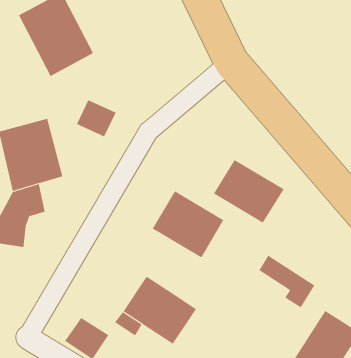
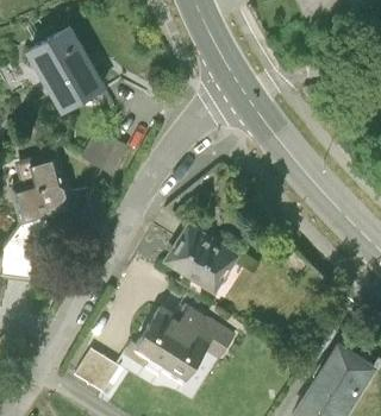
building: [213,159,284,224] -> none
building: [258,255,315,308] -> [177,308,235,361]

